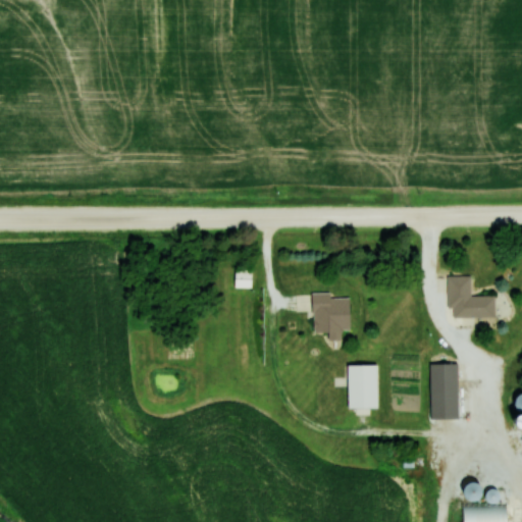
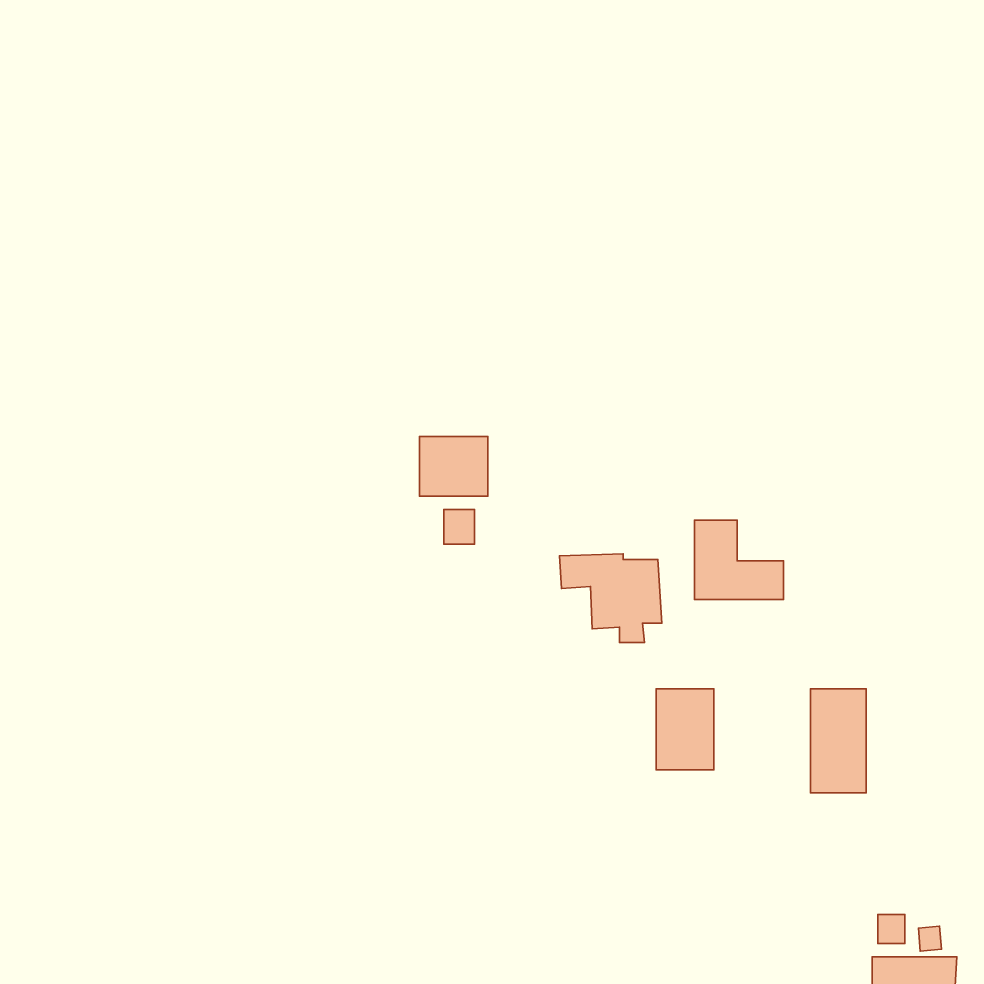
building: none -> [420,437,488,496]
building: [449,276,495,318] -> [695,520,783,599]

